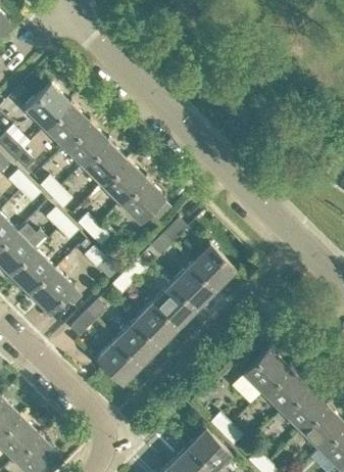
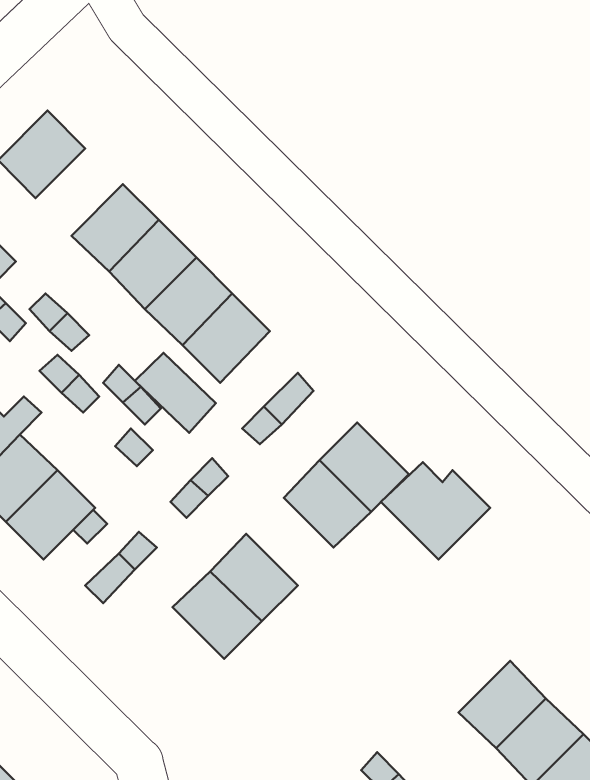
building: [44,103,89,148] -> none
building: none -> [135,353,216,433]
building: [152,283,197,328] -> none
building: [96,339,141,385] -> none
building: [232,343,288,393] -> [381,462,490,560]

